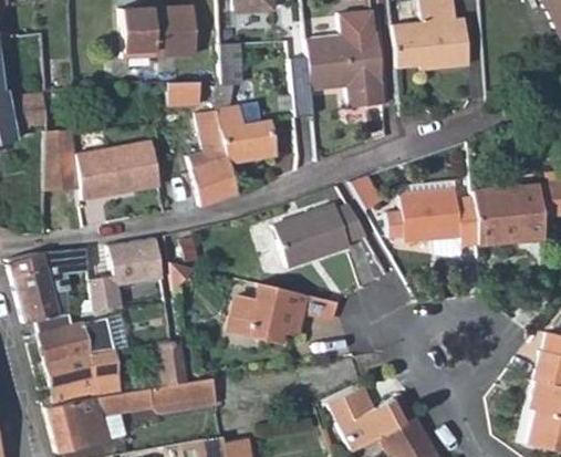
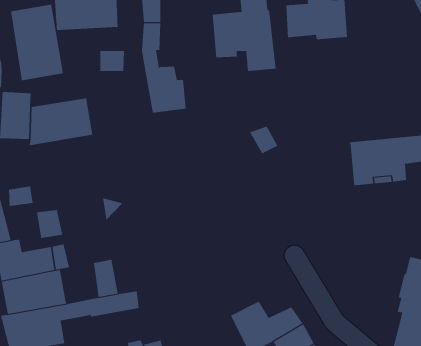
building: none -> [11,4,63,81]
building: [189,108,236,205] -> none
building: [387,193,477,262] -> none
building: [273,204,364,263] -> none
building: [110,236,165,283] -> none
building: [230,283,339,340] -> none

